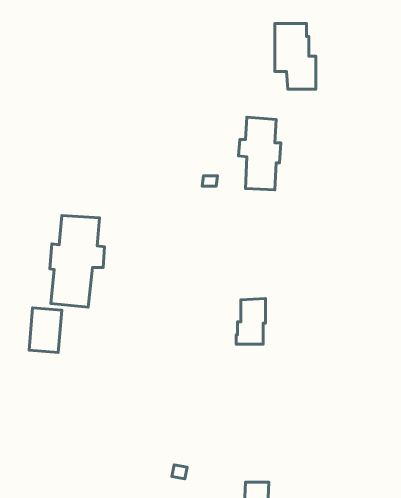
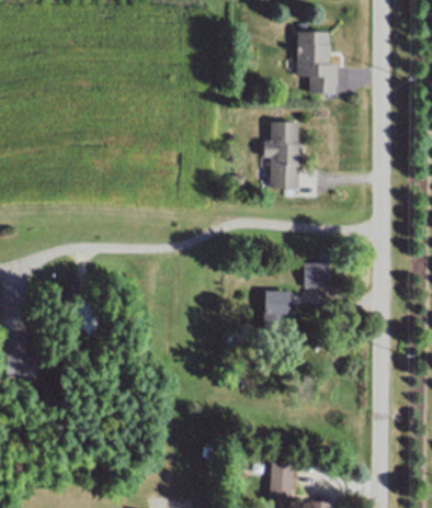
building: [50,215,104,307] -> none
building: none -> [304,262,329,289]

